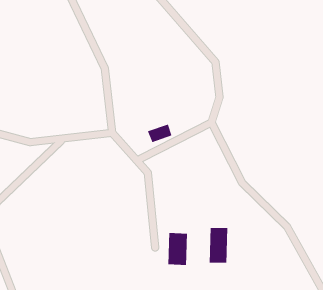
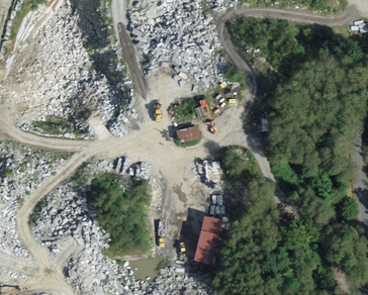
building: [209,227,228,264] -> none

